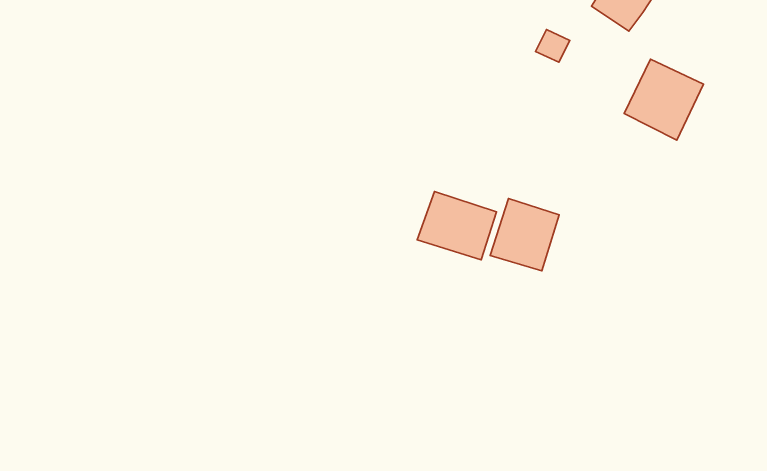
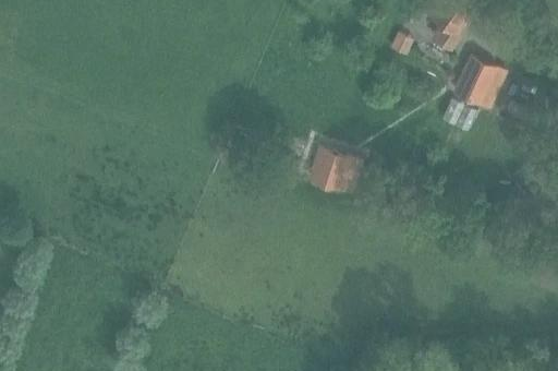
building: [490,198,559,271] -> none

